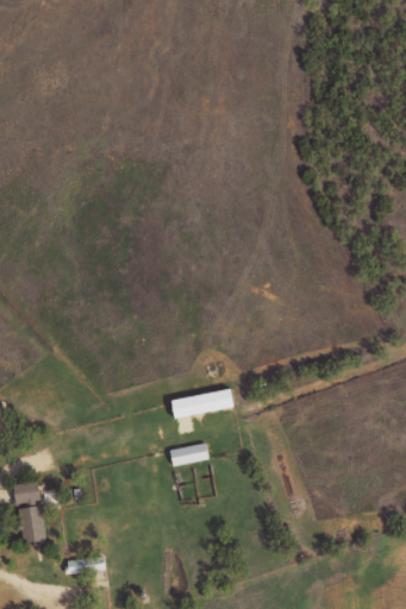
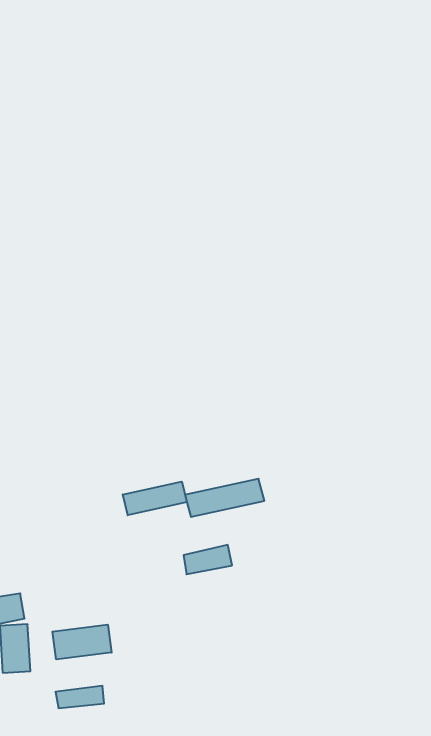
building: none -> [123,482,187,515]
building: none -> [52,625,112,659]

